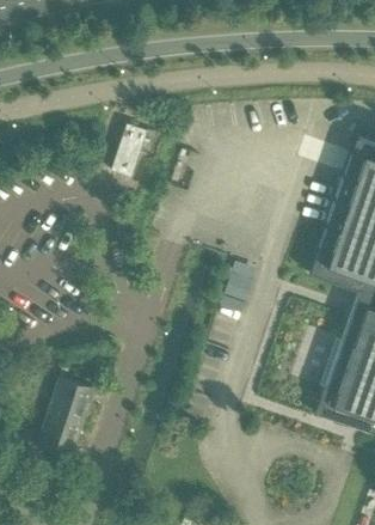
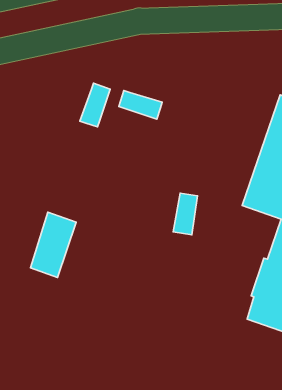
building: none -> [119,90,162,119]
building: [38,378,94,458] -> [30,212,76,277]

